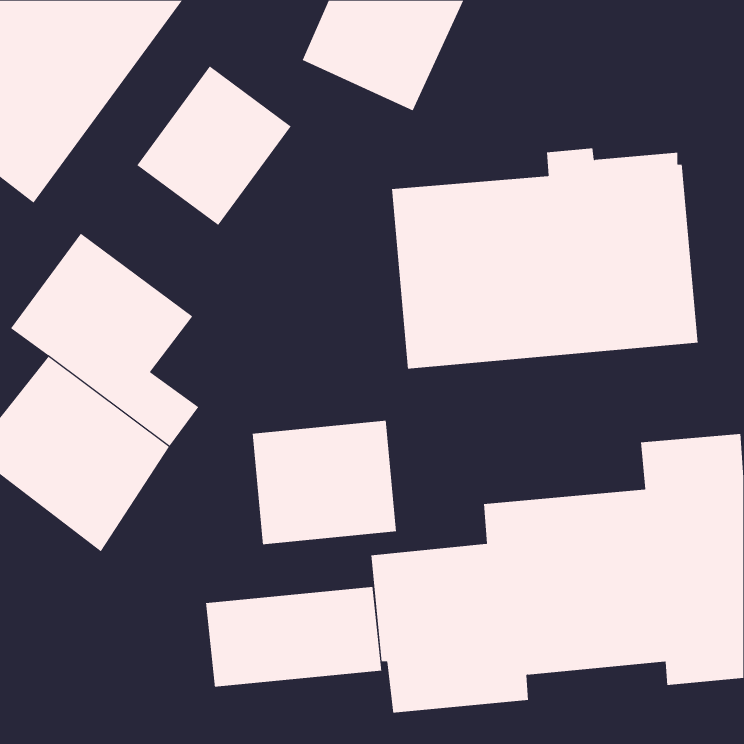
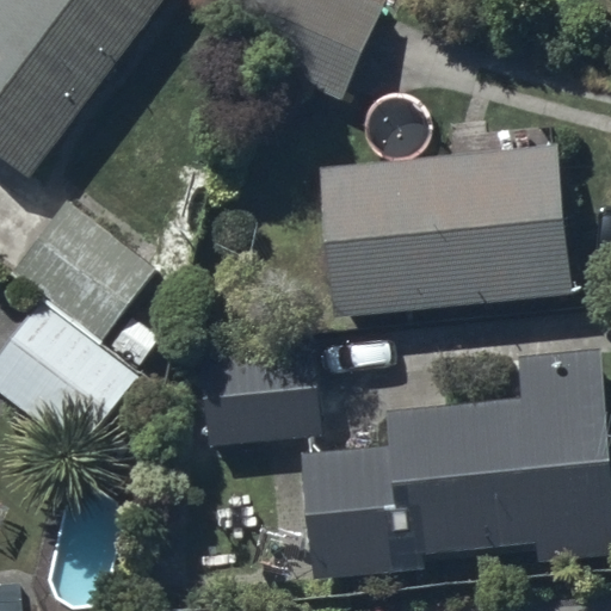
building: [136,66,291,226] -> none
building: [205,586,382,687] -> none

